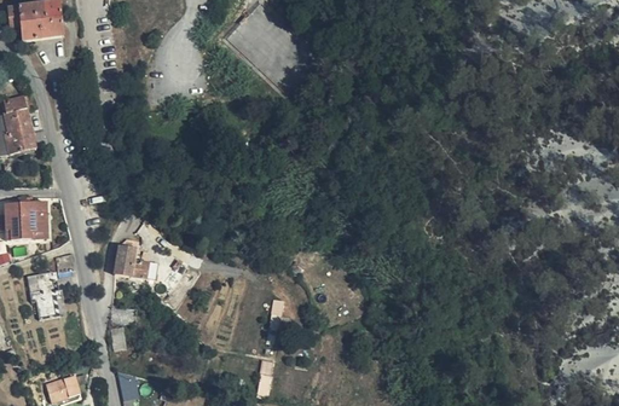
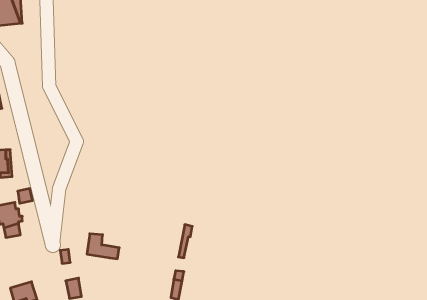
building: [115,246,157,279] -> [87,234,119,259]

